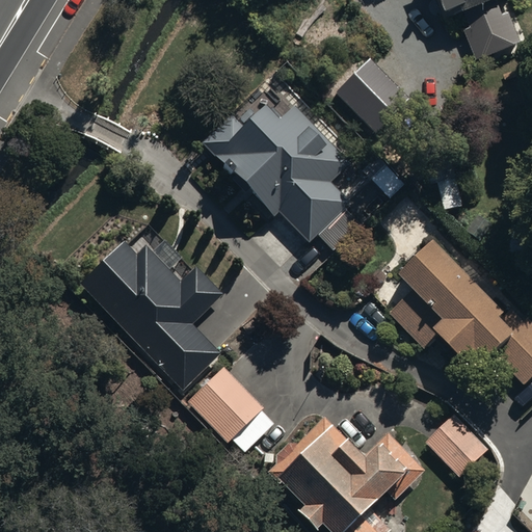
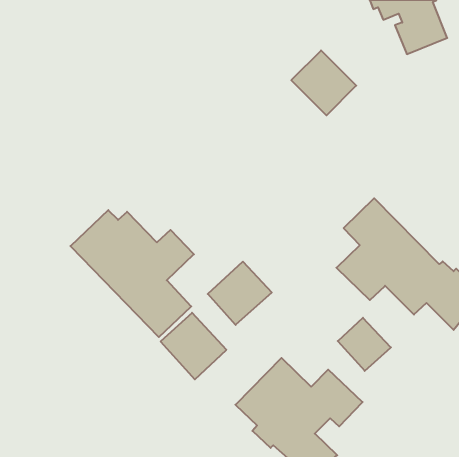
building: [200,76,351,244] -> none
building: none -> [208,262,272,325]
building: [427,413,488,474] -> [338,318,391,371]

